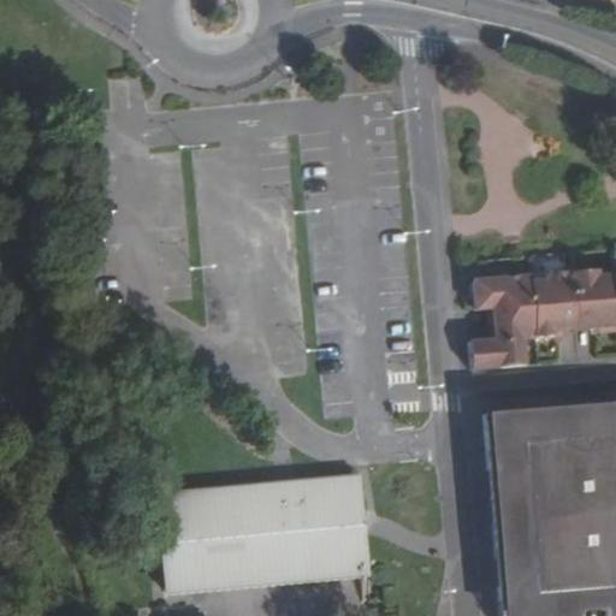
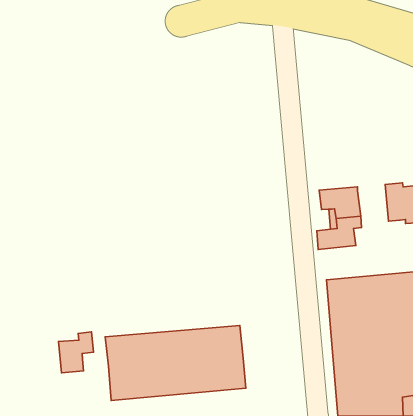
building: [533,272,579,336] -> none
building: none -> [59,332,94,373]

